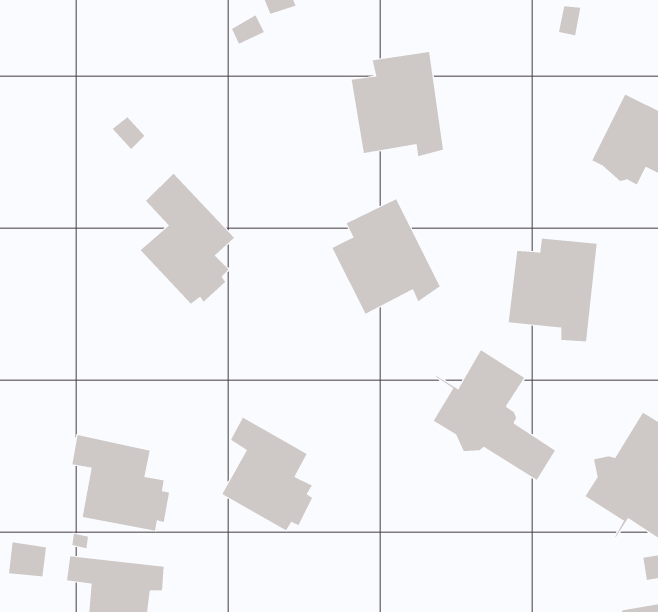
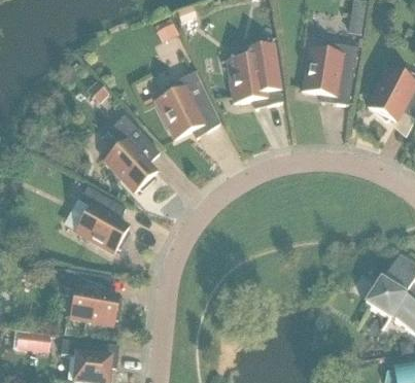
building: [332,199,441,315] -> [155,71,219,139]
building: [508,238,597,342] -> [302,43,354,104]
building: [433,349,556,481] -> none
building: [221,417,313,531] -> [75,185,129,252]

